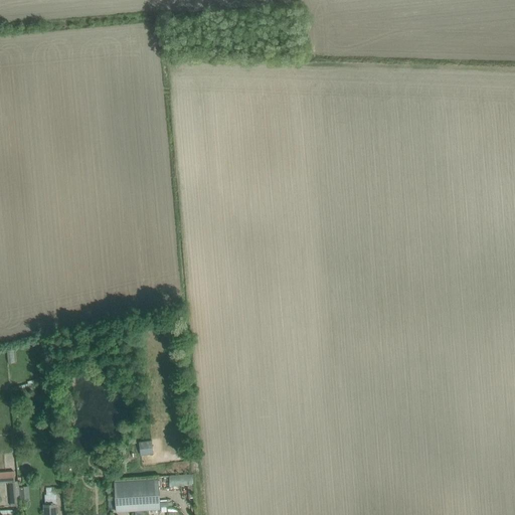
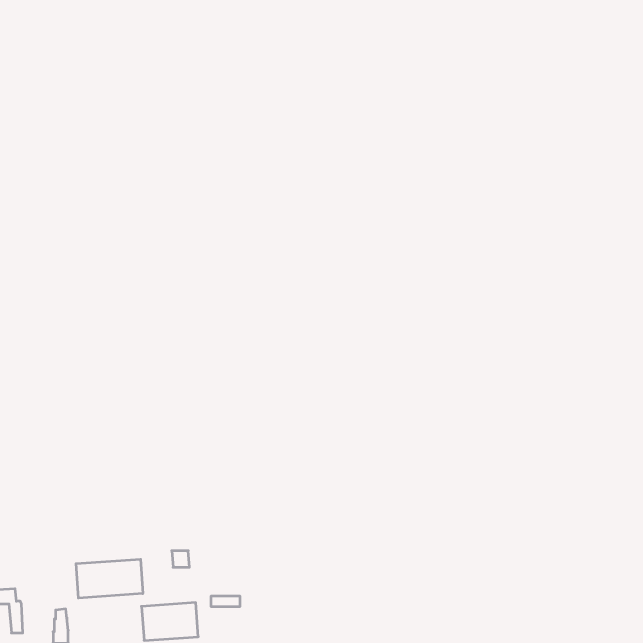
building: none -> [76,559,143,598]

